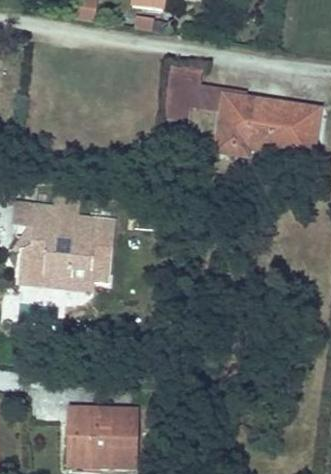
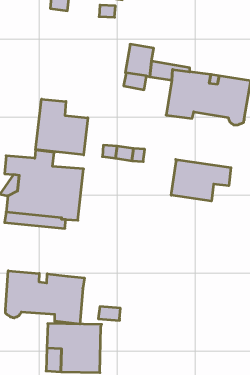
building: none -> [36,99,88,155]
building: none -> [171,159,231,201]
building: none -> [5,271,84,324]

